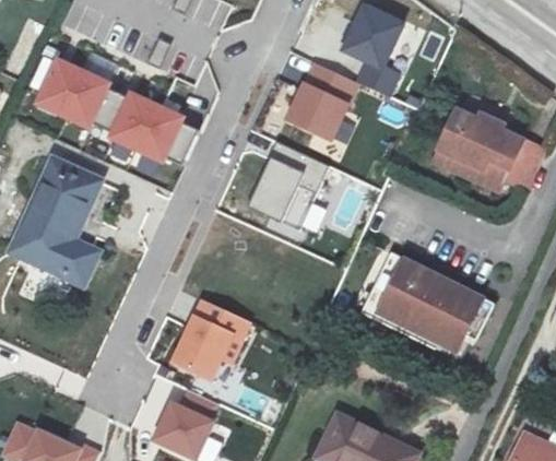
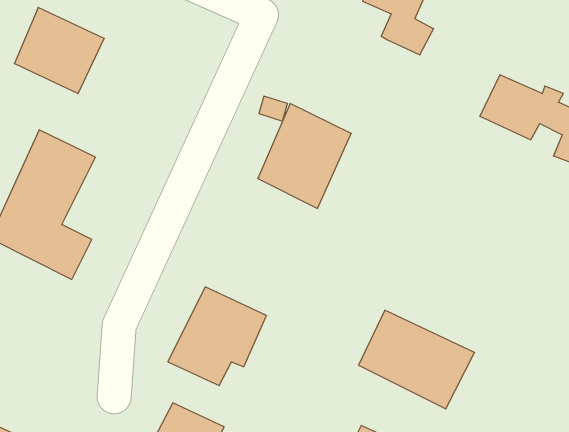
building: [282,57,359,139] -> none
building: [104,85,184,162] -> none
building: [431,146,512,191] -> none
building: [376,265,477,352] -> [359,310,475,409]

